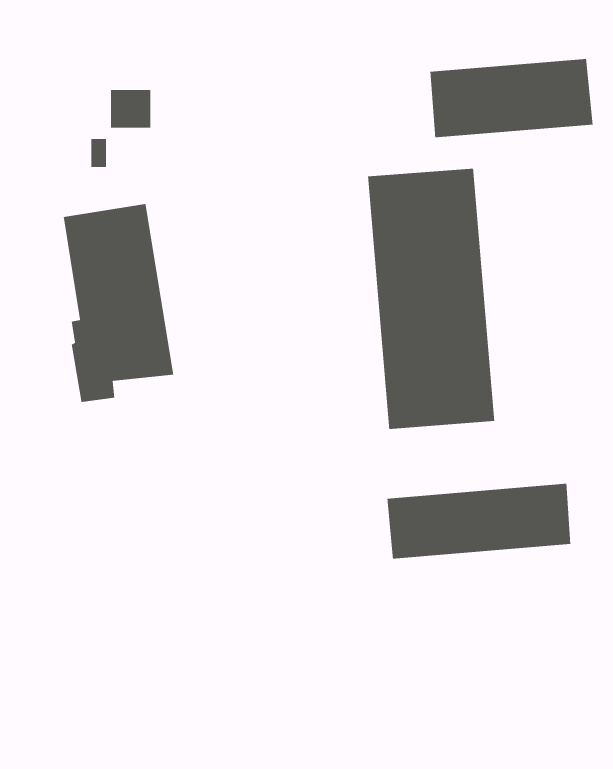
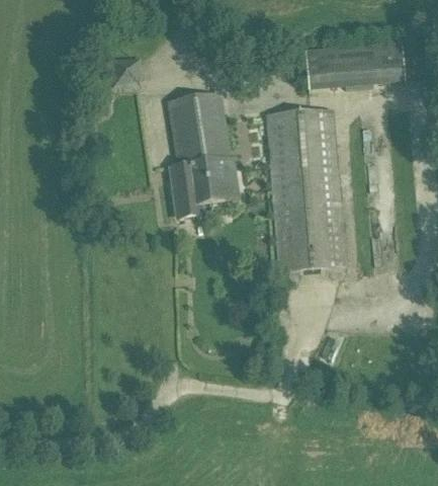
building: [63,203,174,403] -> [168,91,237,215]
building: [386,483,571,559] -> none

